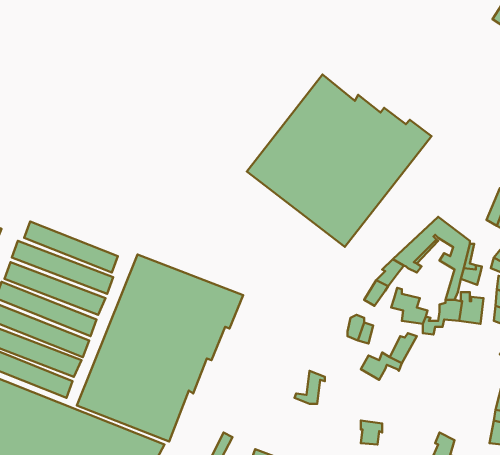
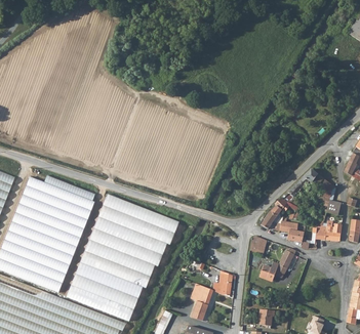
building: [247,74,432,247] -> none
building: none -> [192,285,213,321]

